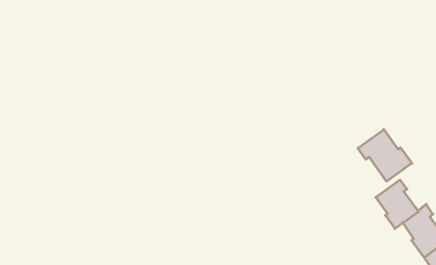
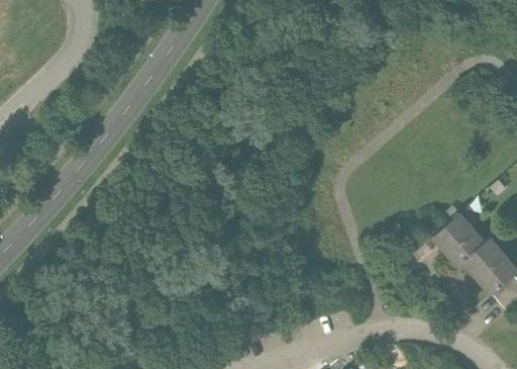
building: [358,129,412,181] -> none

